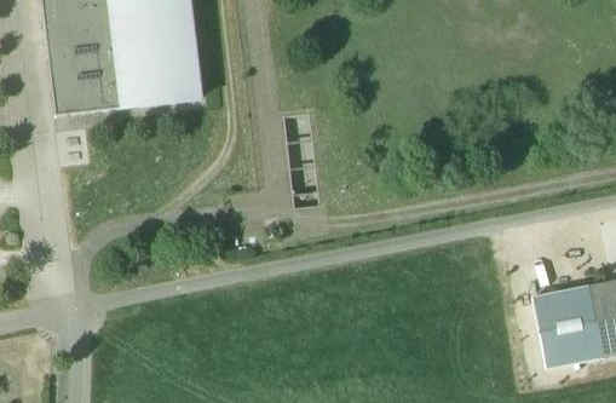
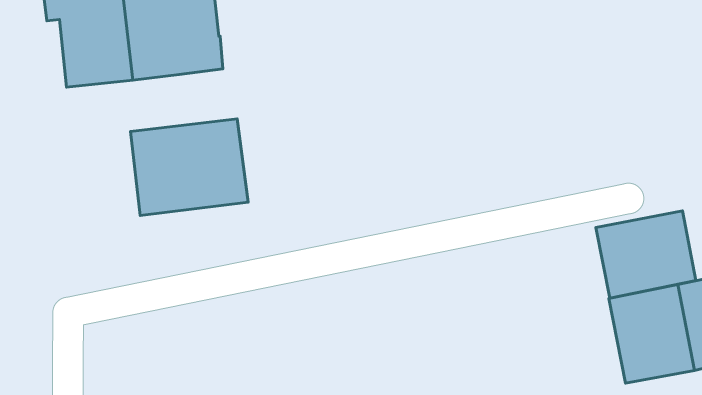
building: none -> [130,119,248,215]
building: none -> [596,211,696,298]

